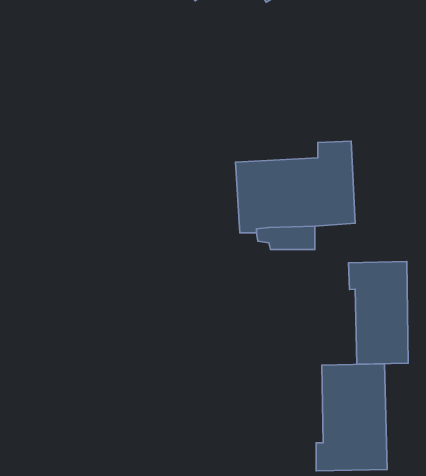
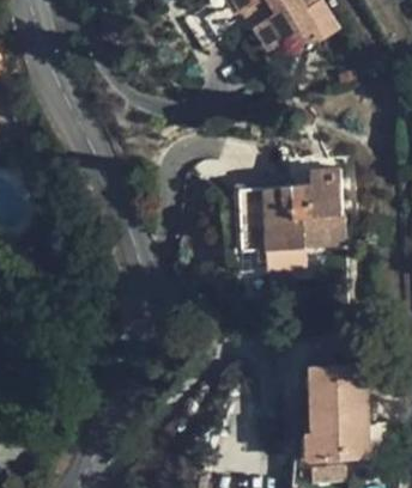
building: [348,262,408,364] -> none

